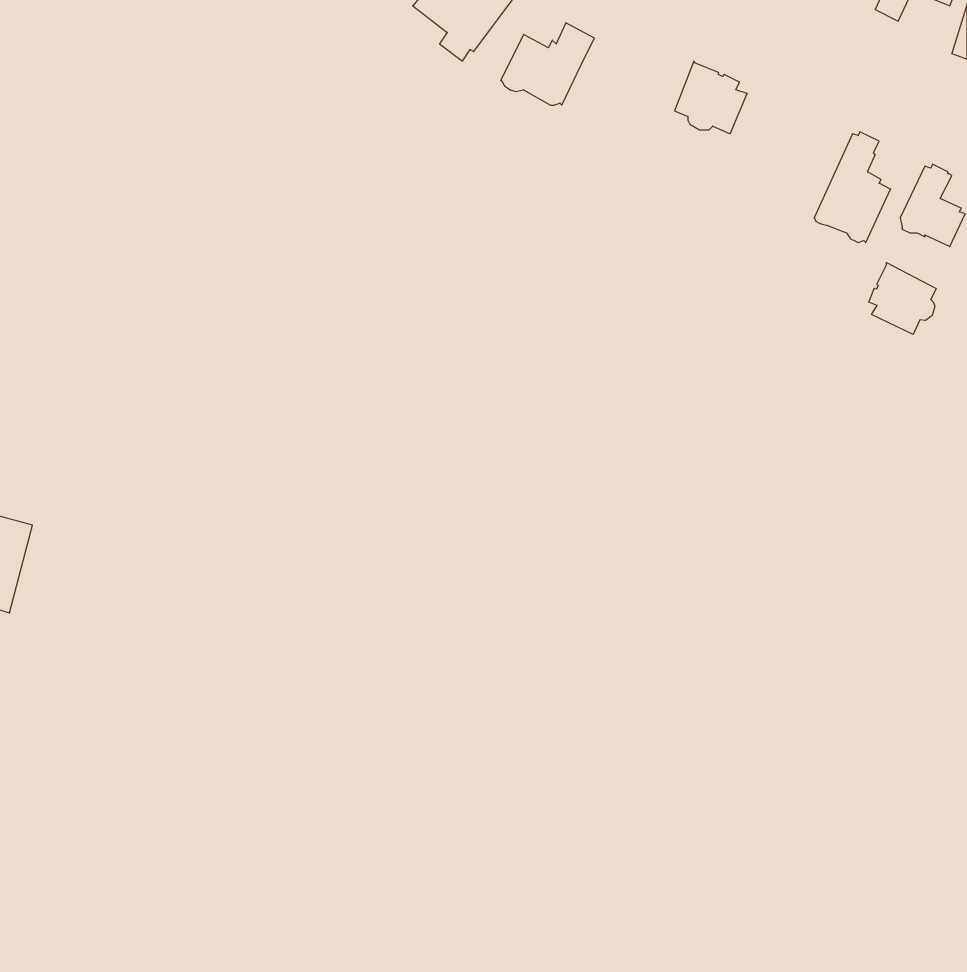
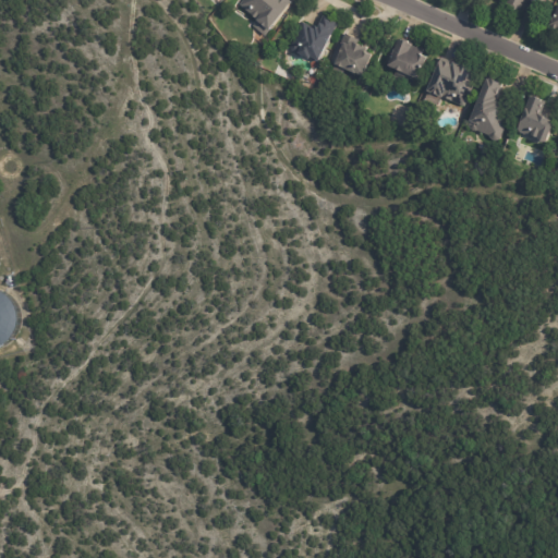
building: none -> [329,32,375,75]
building: none -> [424,59,473,105]
building: [869,263,936,334] -> none

